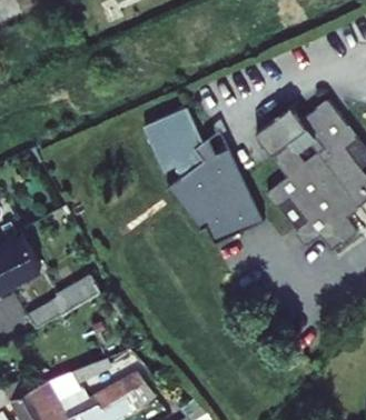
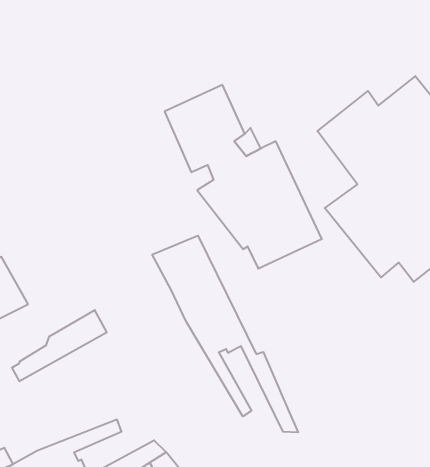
building: none -> [152,236,298,432]

